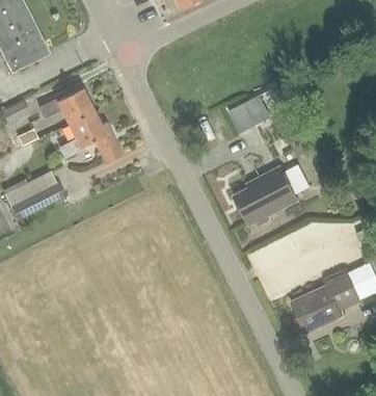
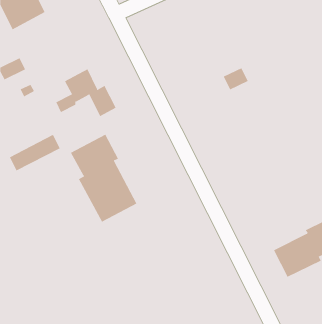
building: [38,89,93,126] -> none
building: [232,162,296,222] -> none
building: none -> [70,134,137,222]

